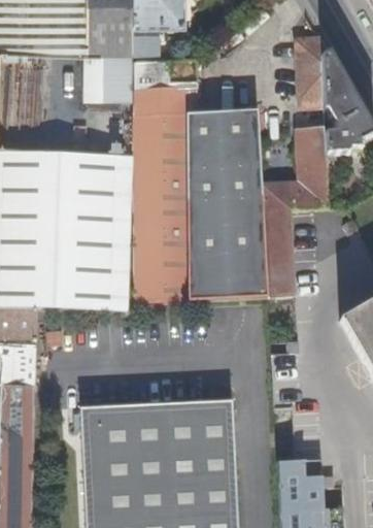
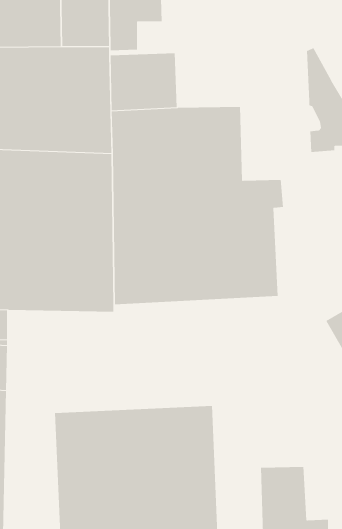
building: [296,39,328,107] -> none
building: [296,128,327,208] -> none

